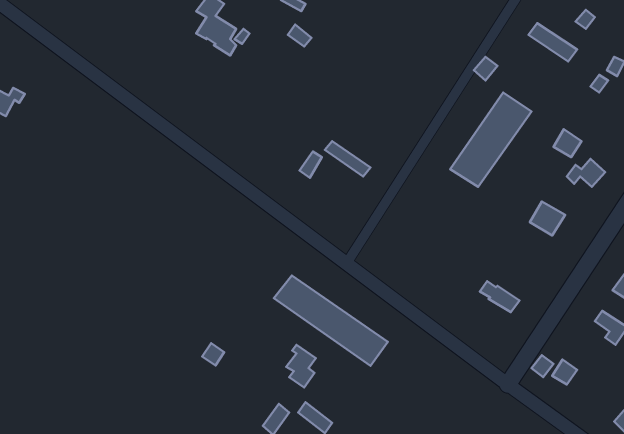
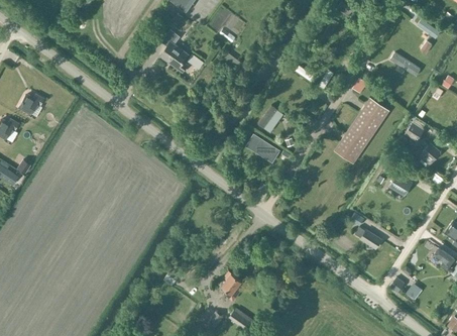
building: none -> [259,104,285,132]
building: [274,276,388,366] -> none

